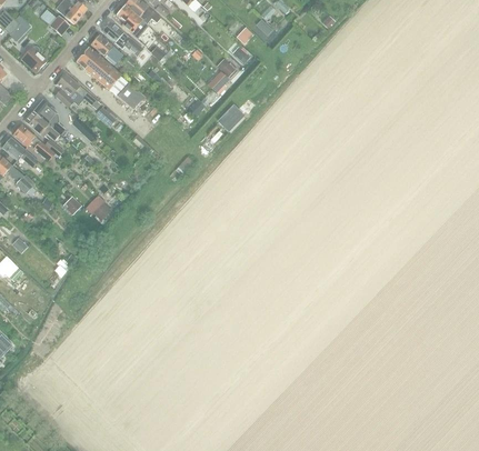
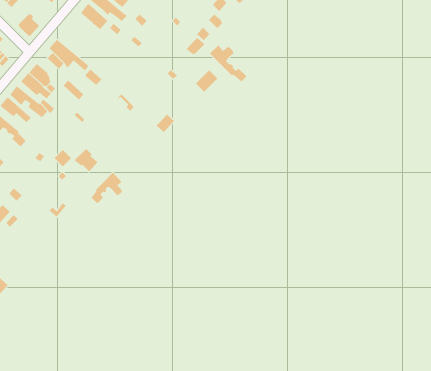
building: [76,47,143,109] -> none
building: none -> [209,45,247,83]
building: none -> [90,172,123,204]

